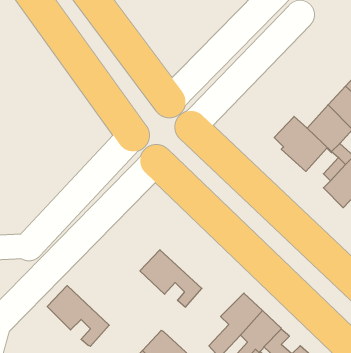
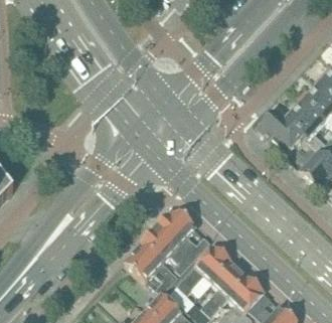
building: none -> [158,210,209,257]
building: none -> [176,245,230,293]
building: [47,286,109,346] -> [124,241,177,294]

